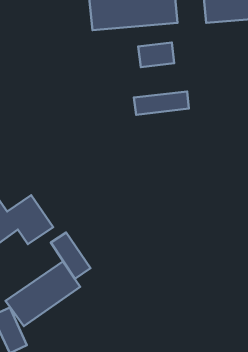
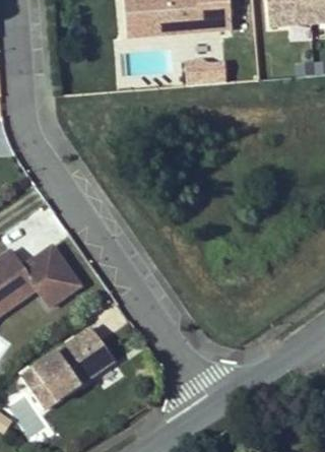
building: [134,92,189,115] -> none
building: [51,232,90,279] -> none

